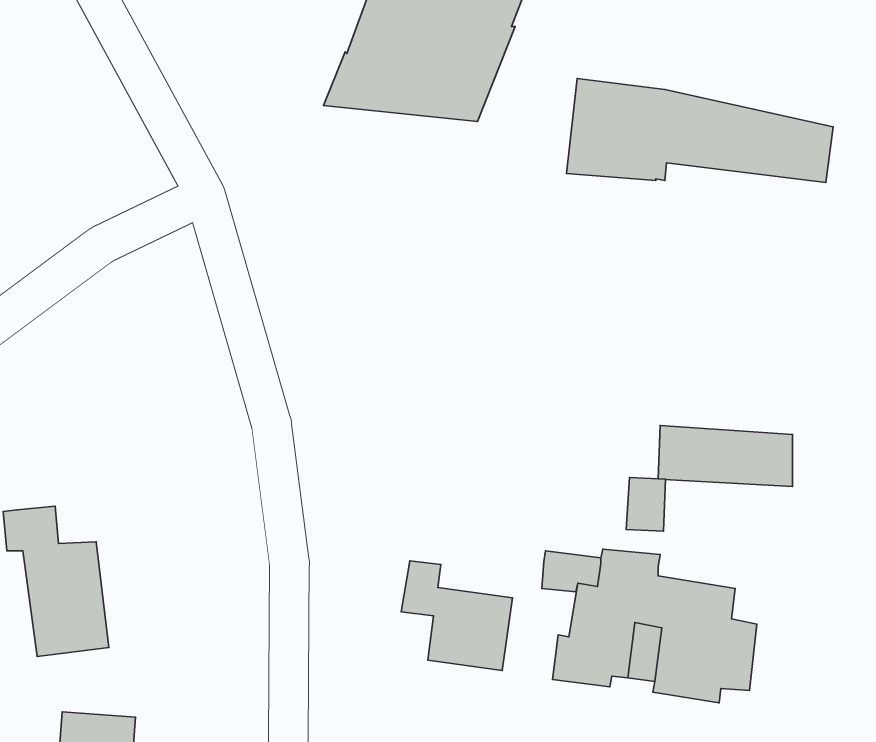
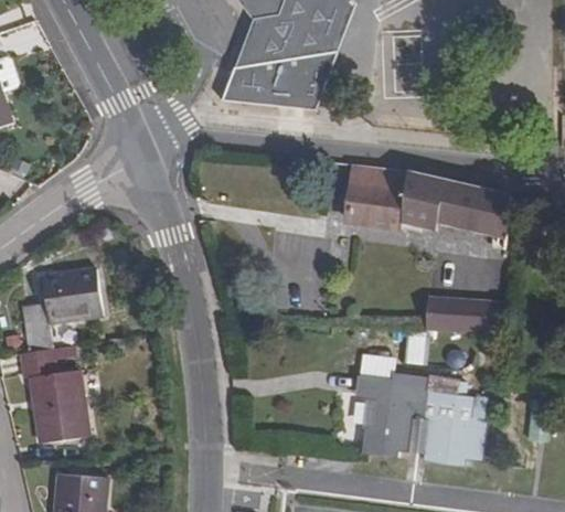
building: [566,79,833,182] -> [344,163,509,227]
building: none -> [24,268,103,349]
building: [401,561,512,670] -> none

